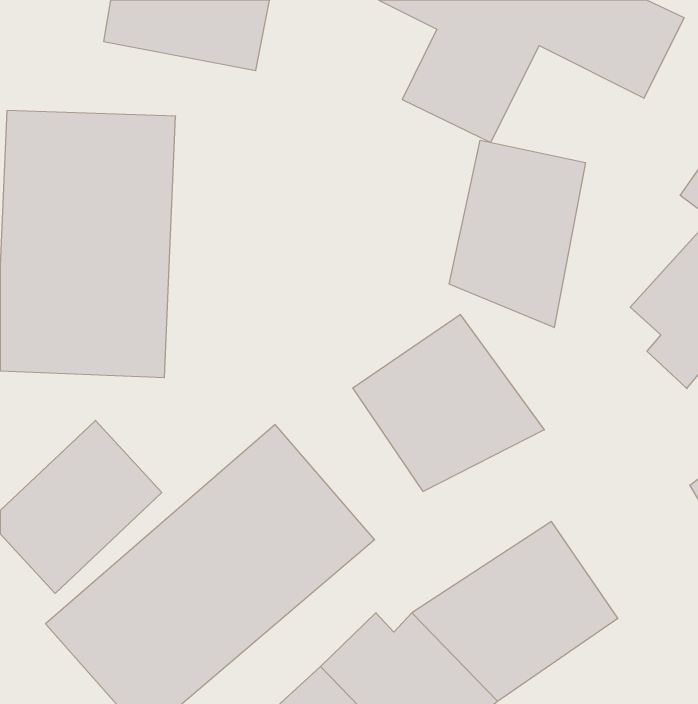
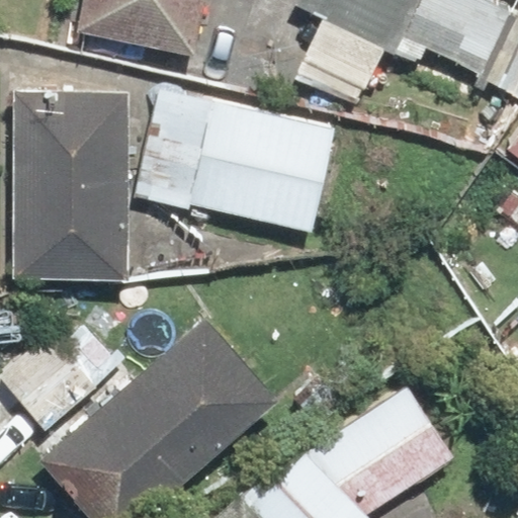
building: none -> [145,92,340,234]
building: [449,140,586,328] -> none
building: [353,314,544,491] -> none

